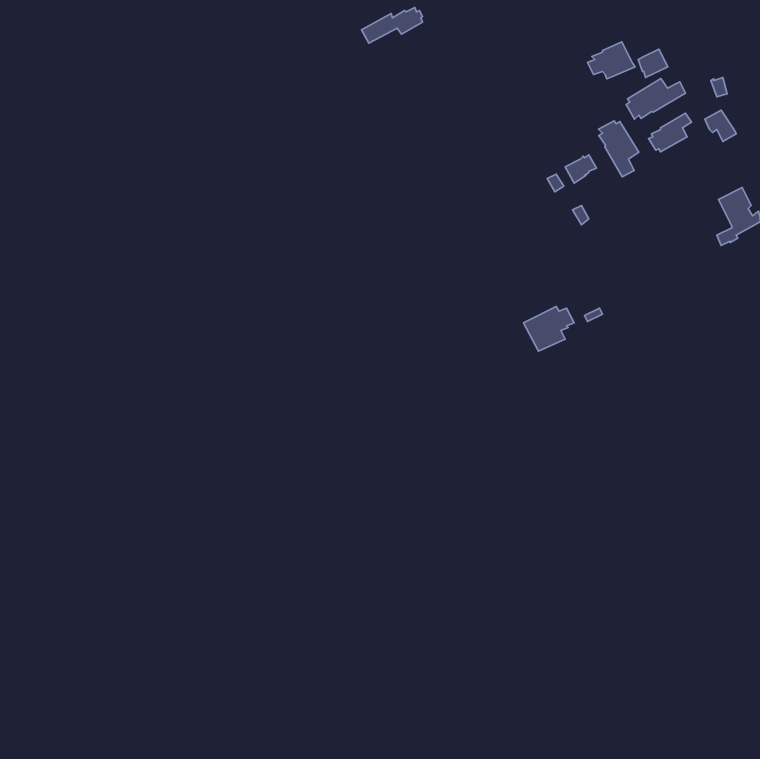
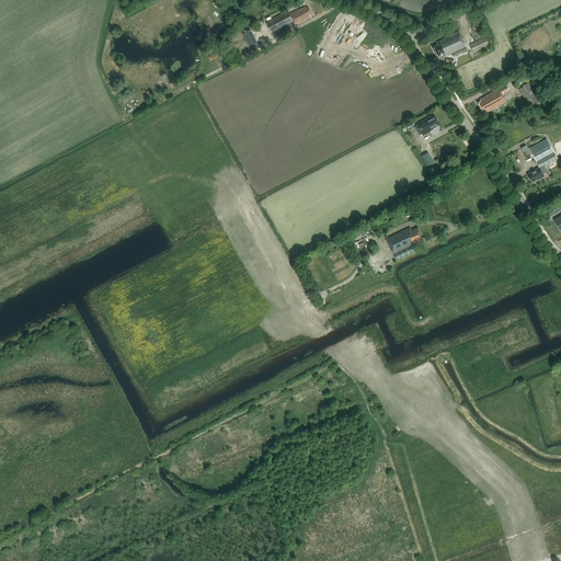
building: [626,78,686,119] -> none
building: [599,121,639,177] -> none

